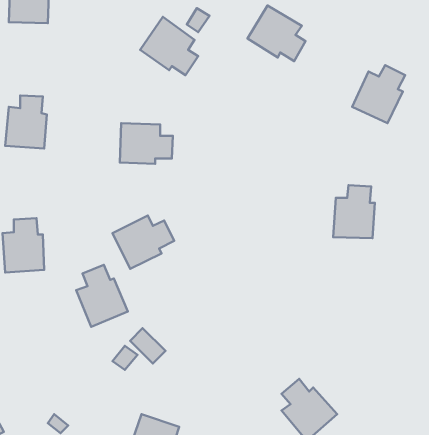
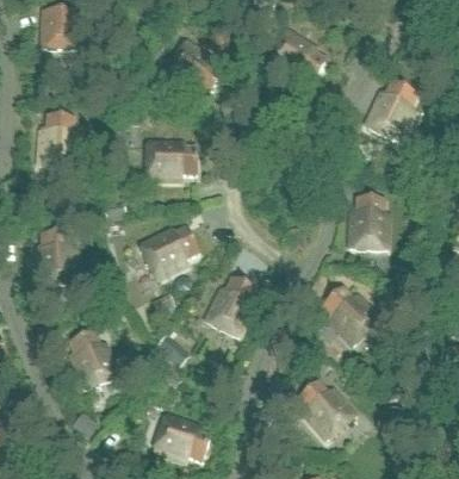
building: [76,265,128,327] -> [69,329,118,387]
building: none -> [203,280,254,335]
building: none -> [324,287,377,344]

